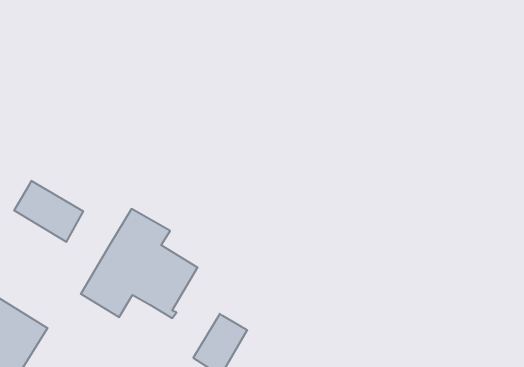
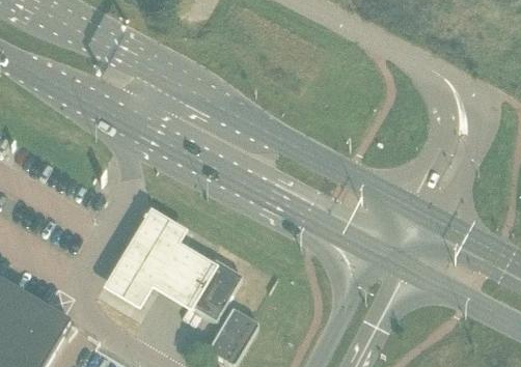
building: [14,181,83,242] -> none
building: none -> [189,258,244,319]

